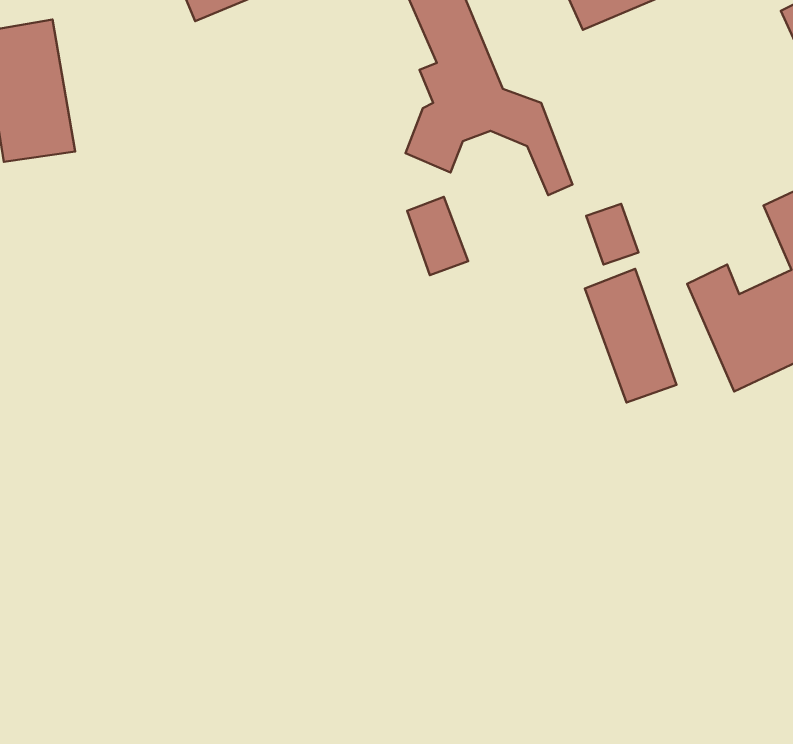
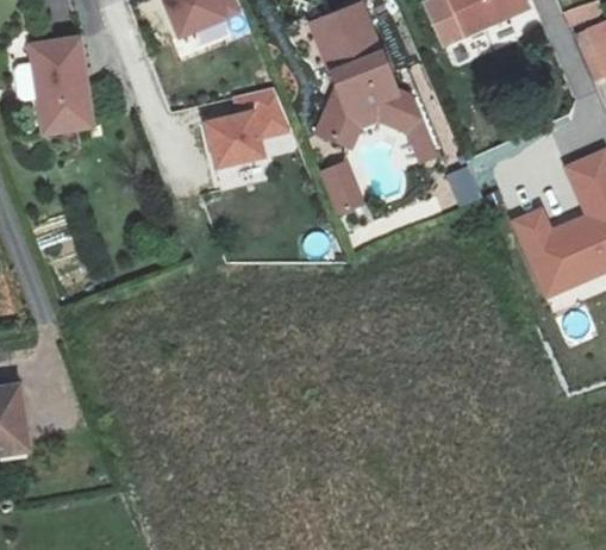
building: none -> [201,88,292,173]
building: [585,269,677,403] -> none

